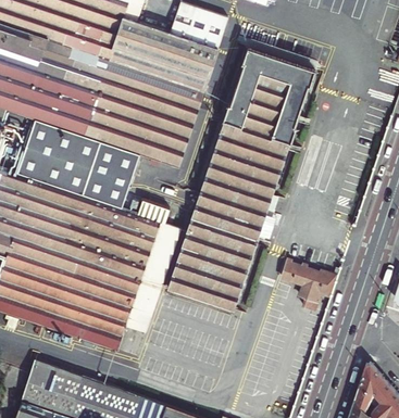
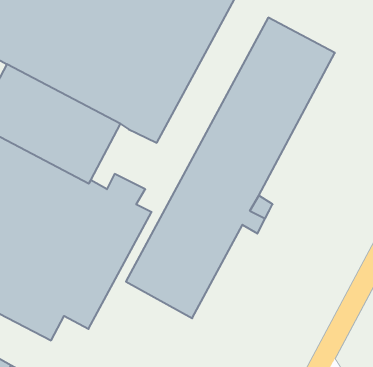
building: [278,265,335,314] -> none

